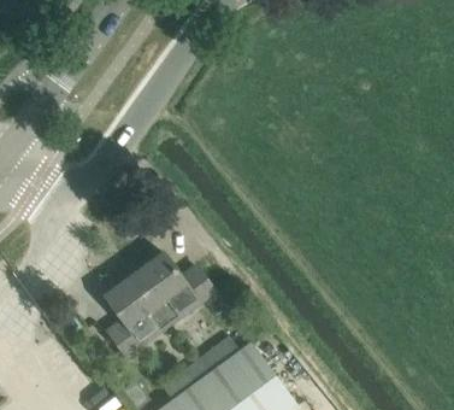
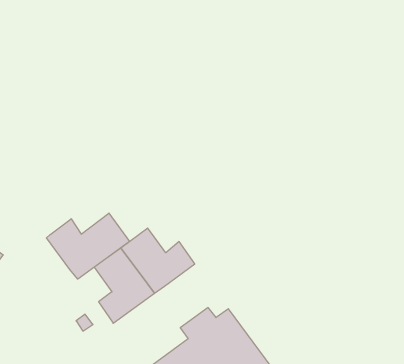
building: none -> [46,213,130,279]

